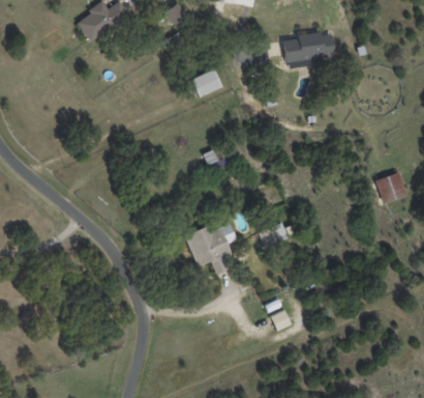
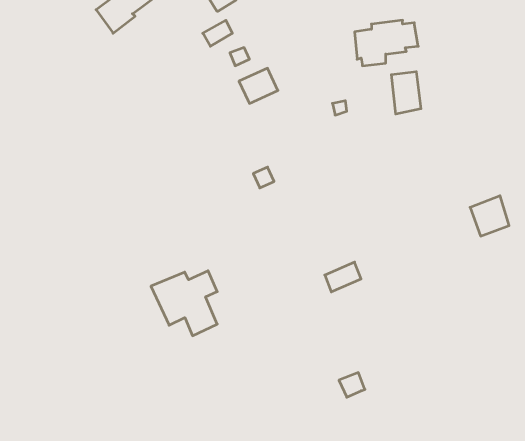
building: none -> [391,72,421,114]
building: [184,223,237,275] -> [151,271,217,336]

